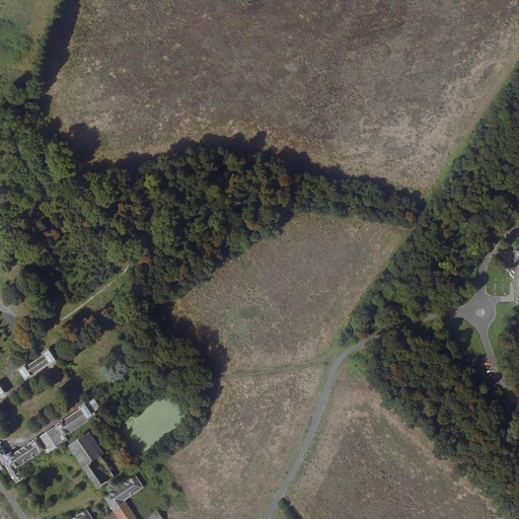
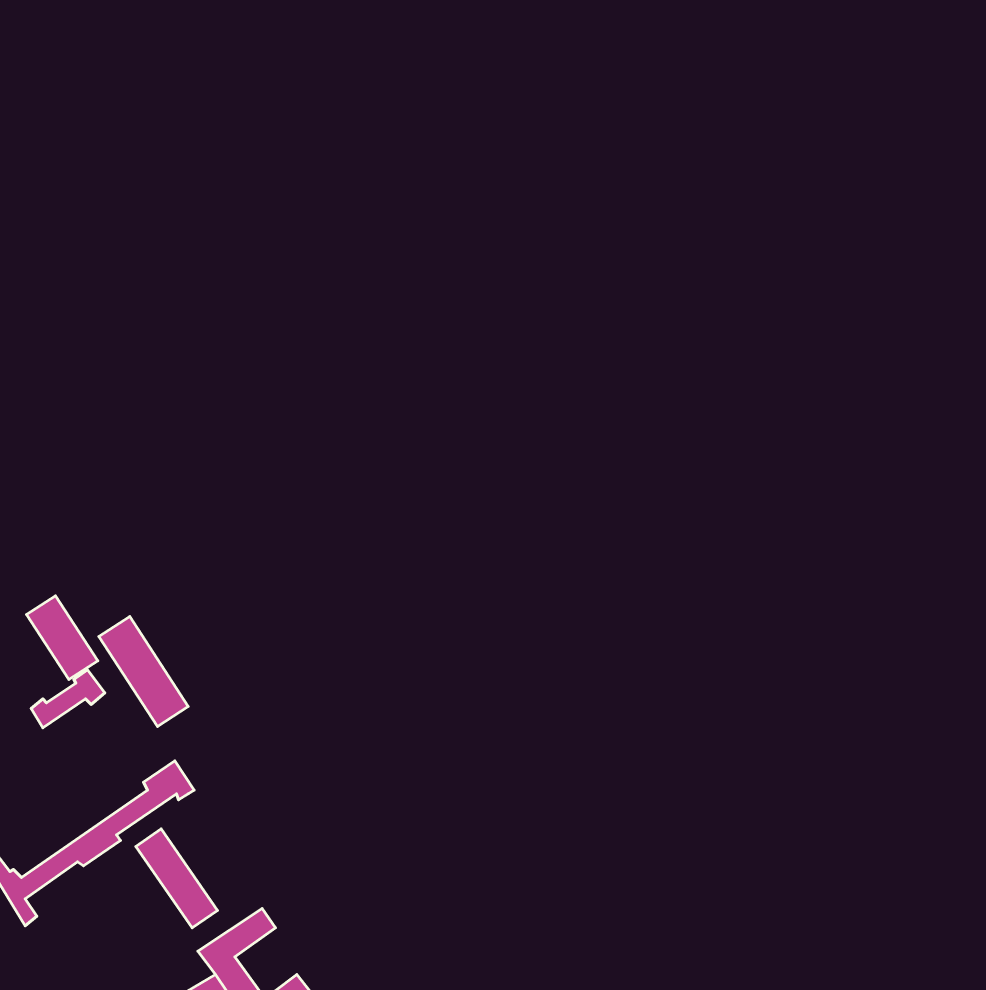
building: none -> [27,596,98,679]
building: none -> [99,617,188,726]

